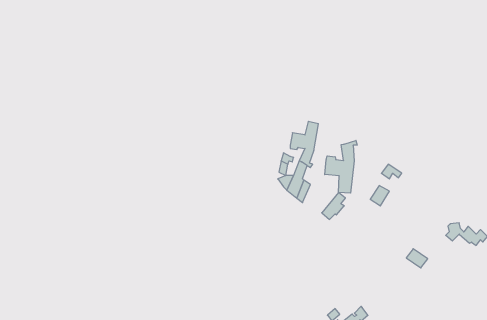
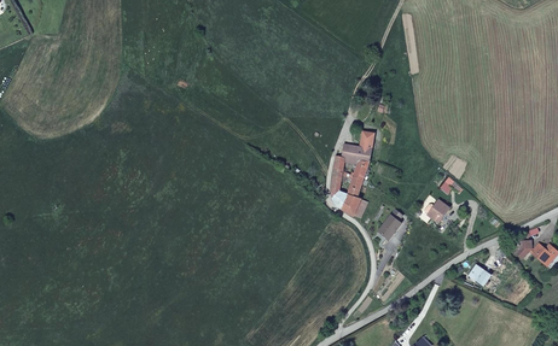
building: [325,140,357,193] -> none

